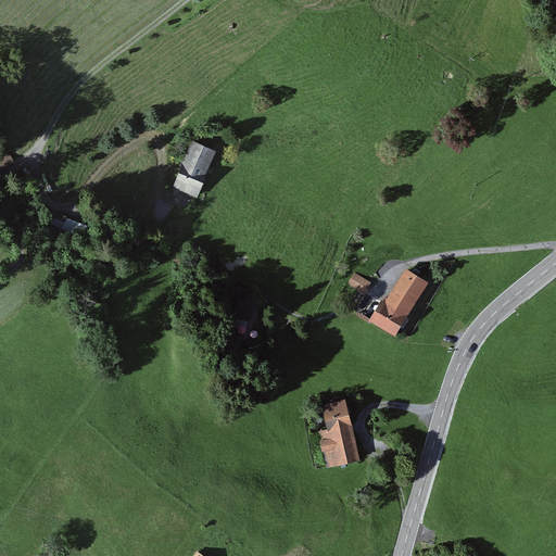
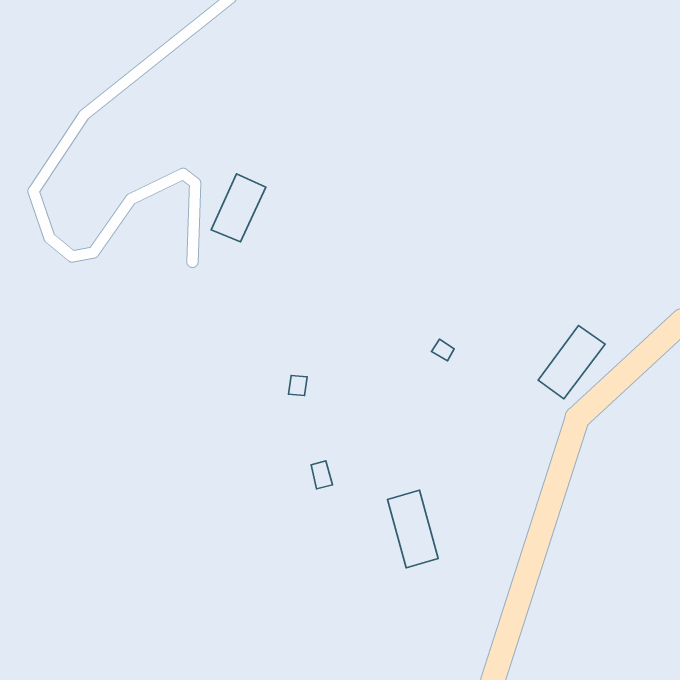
building: [372,271,427,331] -> [538,325,605,399]

